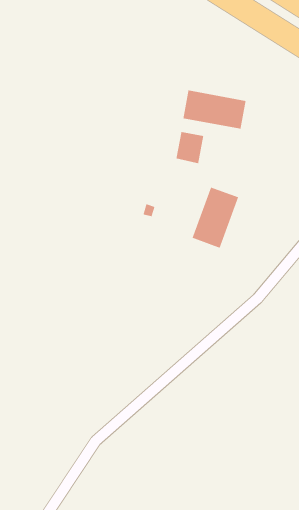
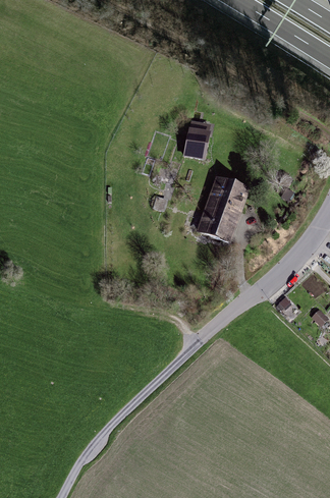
building: [183,90,247,130] -> none

